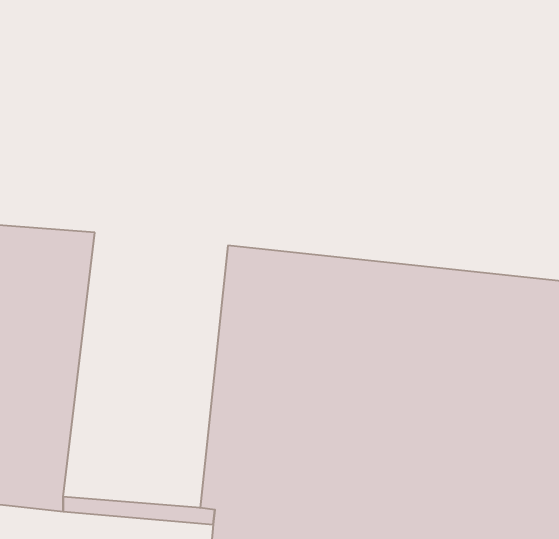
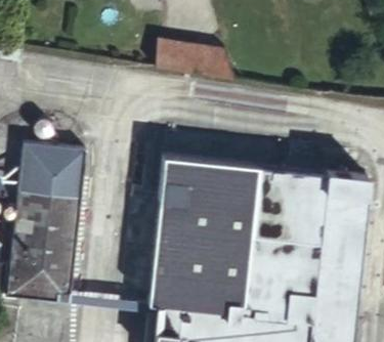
building: none -> [157,40,233,77]

